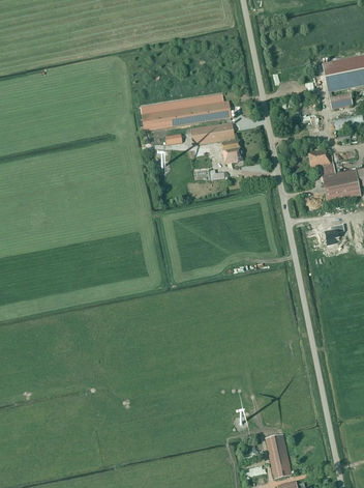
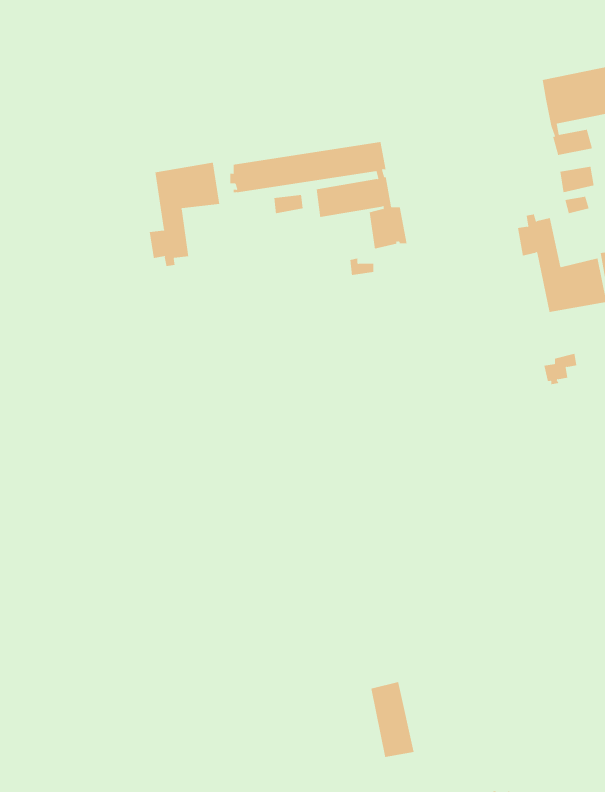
building: none -> [149,162,220,267]
building: [266,432,292,477] -> [370,682,415,757]

